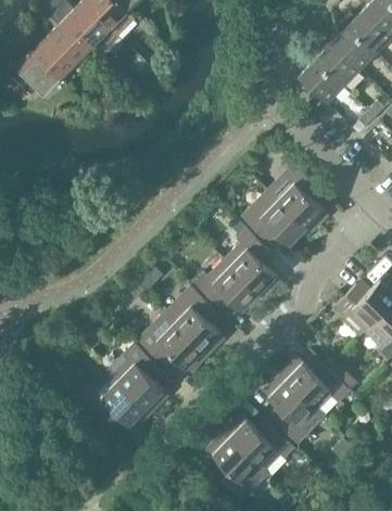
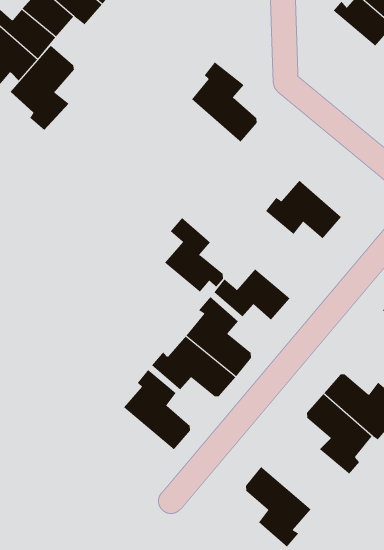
building: [299,54,344,104] -> none
building: none -> [10,45,74,131]
building: [273,164,327,233] -> [191,61,258,143]
building: [230,229,279,293] -> [164,217,224,292]
building: [83,374,152,429] -> none
building: [224,417,294,471] -> none

